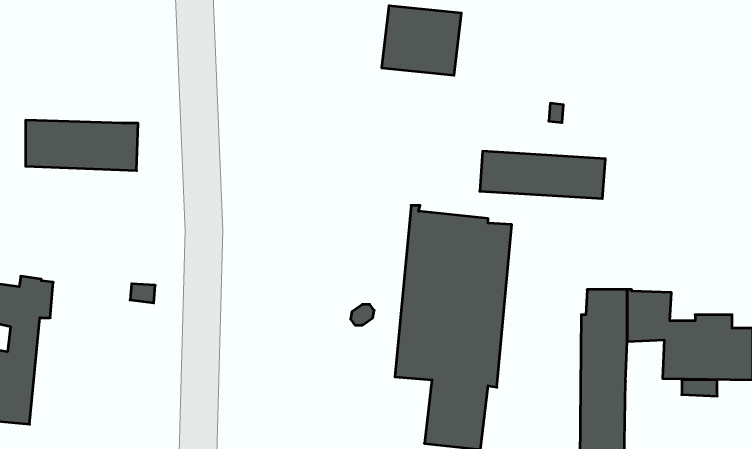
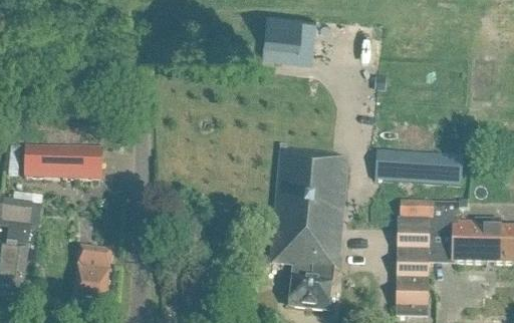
building: [26,120,138,171] -> [25,144,101,179]
building: [480,151,605,199] -> [375,151,461,184]
building: none -> [73,246,111,302]

